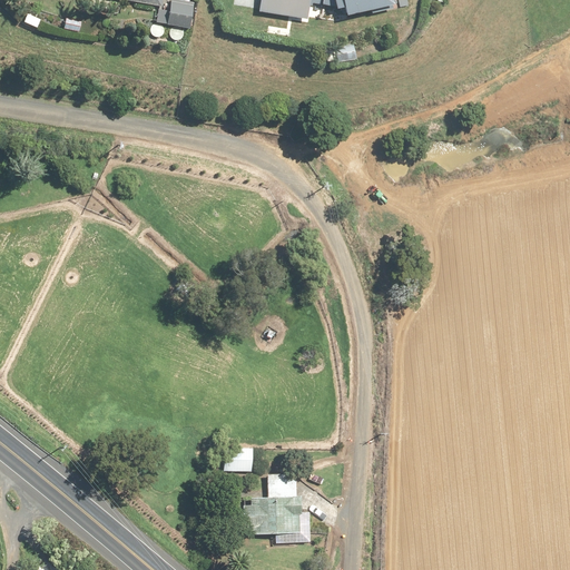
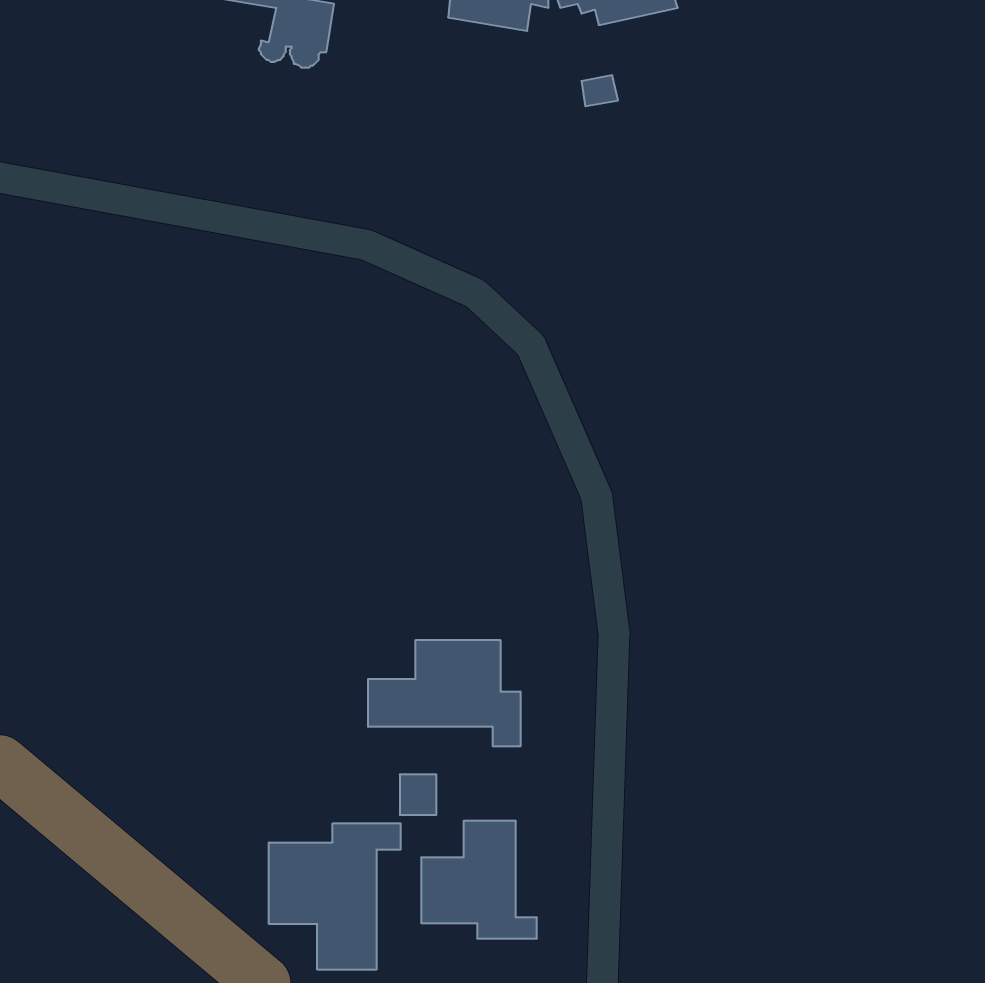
building: none -> [368,640,520,746]
building: none -> [269,823,401,970]

